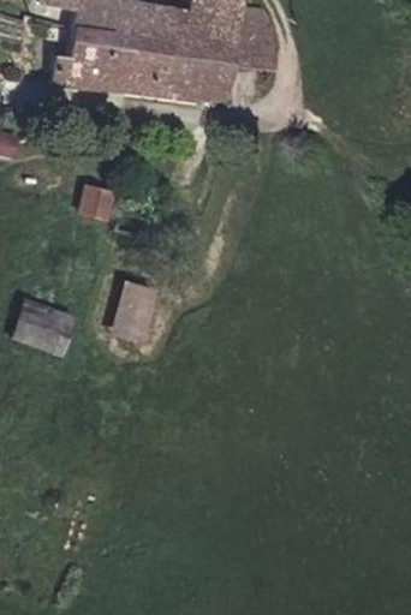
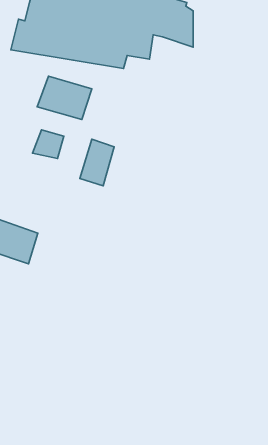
building: none -> [37,76,92,119]
building: [111,280,155,340] -> [80,139,114,186]

